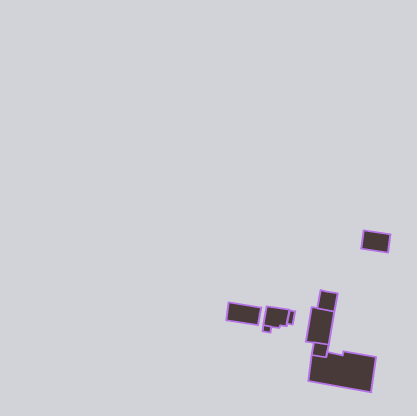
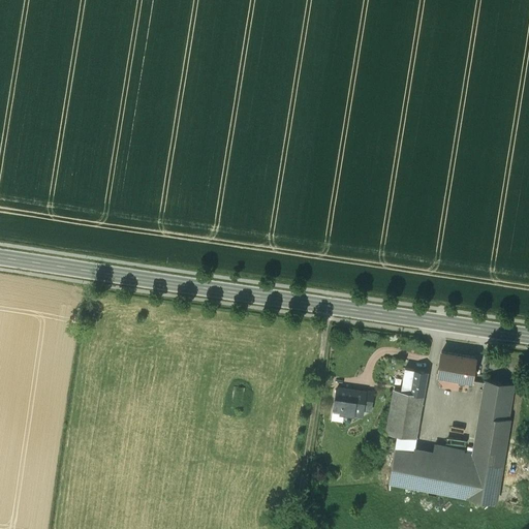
building: [361,230,391,253] -> [439,353,476,381]
building: none -> [470,382,511,503]
building: [226,302,261,325] -> none

